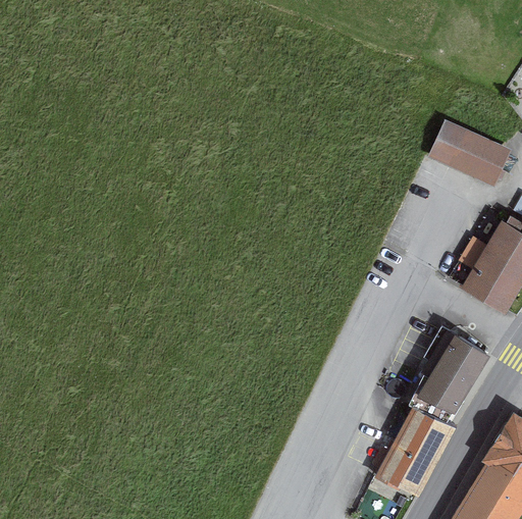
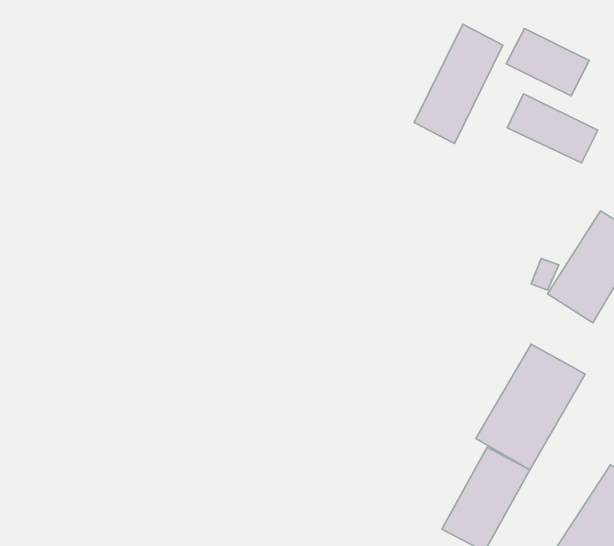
building: none -> [414,24,503,144]
building: none -> [506,28,589,96]

